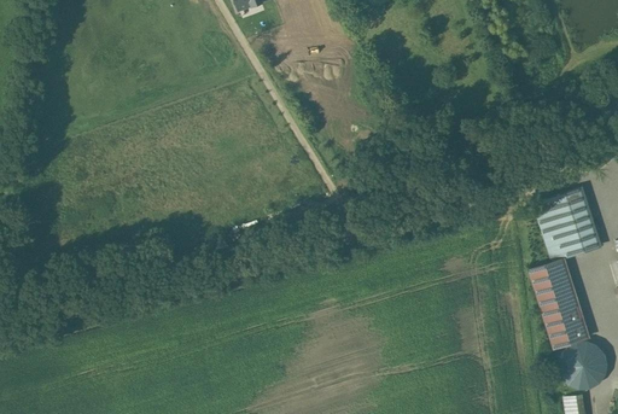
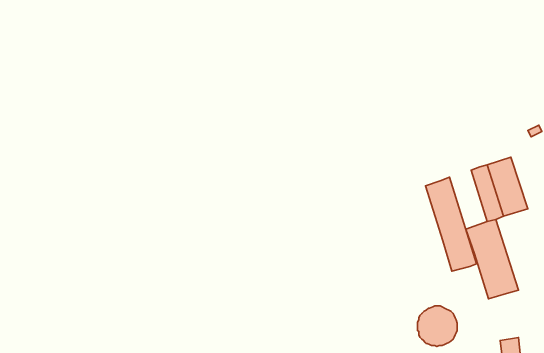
building: none -> [425,177,477,271]
building: [561,342,606,387] -> [418,306,457,347]

